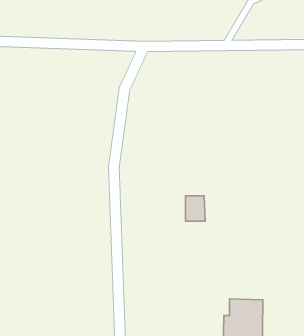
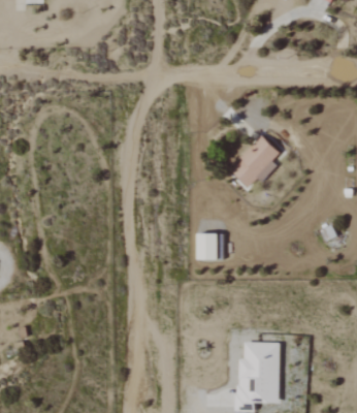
building: none -> [229,135,280,184]

